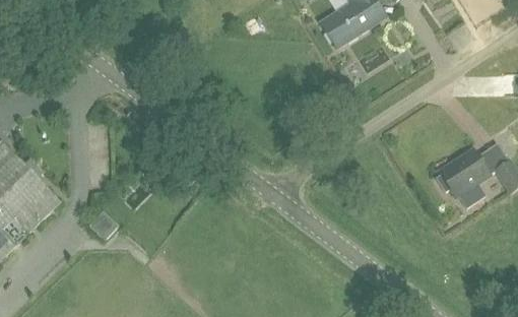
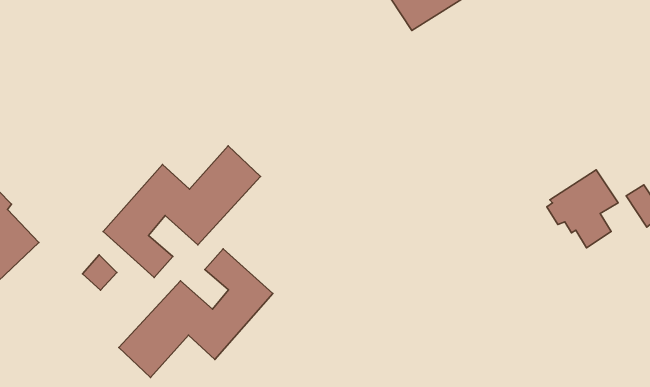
building: none -> [103,146,261,277]
building: none -> [119,249,273,378]

